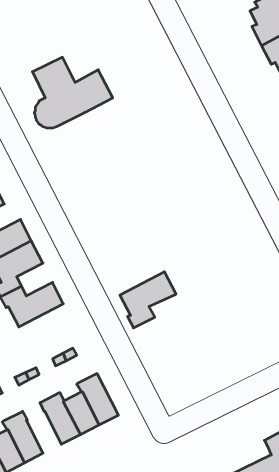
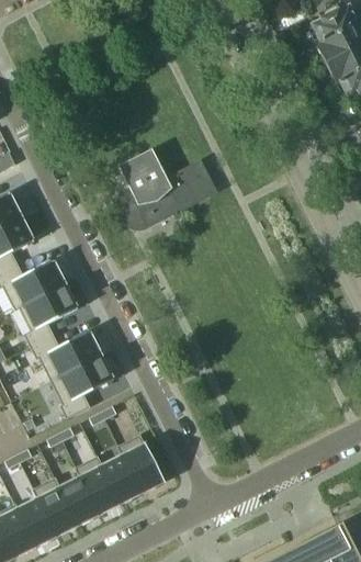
building: [32,57,113,128] -> [119,149,210,229]
building: [120,272,176,328] -> [50,356,114,419]
building: none -> [59,477,99,525]

